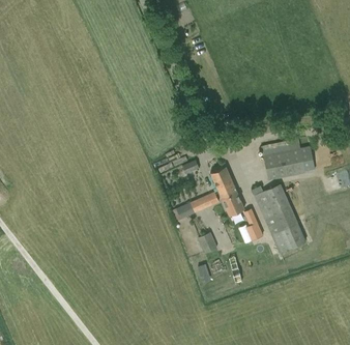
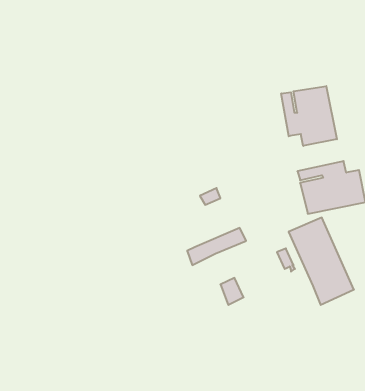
building: none -> [281,86,337,146]
building: [210,166,244,213] -> none

